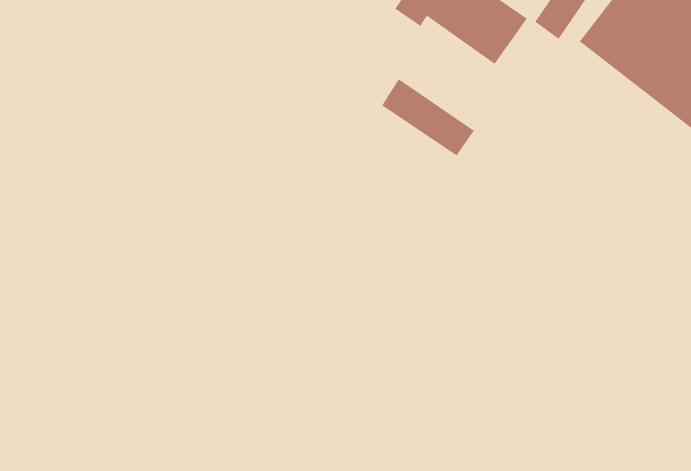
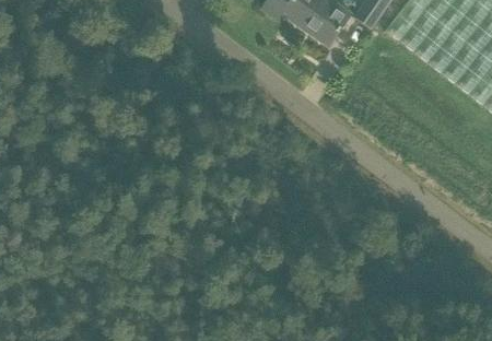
building: [381,78,475,156] -> none

